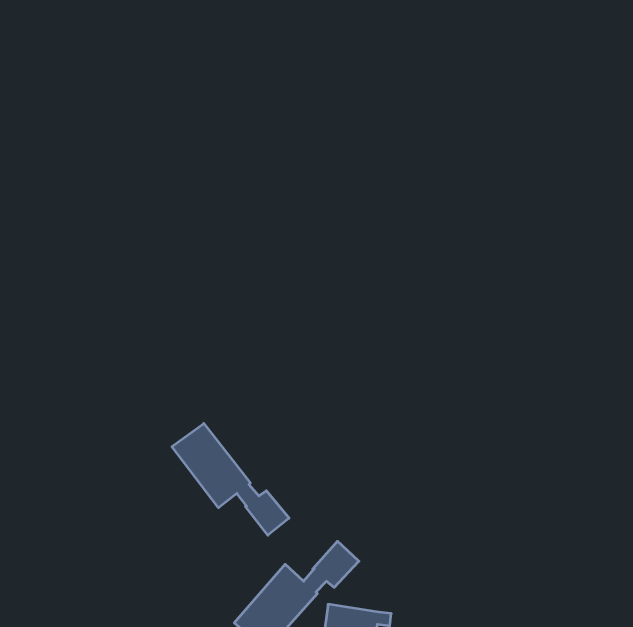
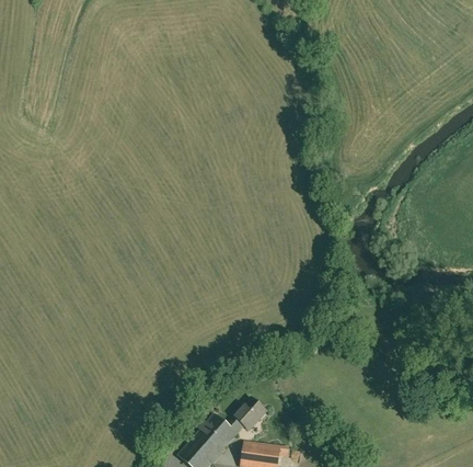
building: [172,423,289,535] -> none

